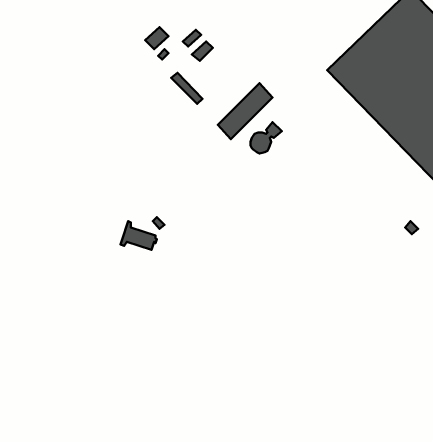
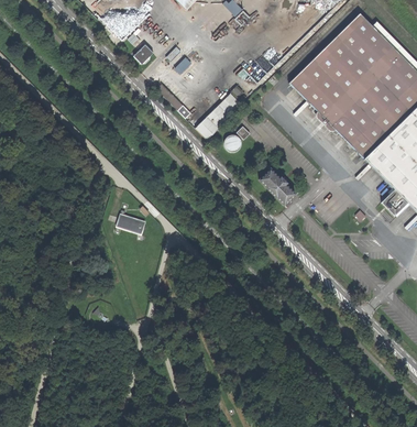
building: none -> [257,166,295,204]

